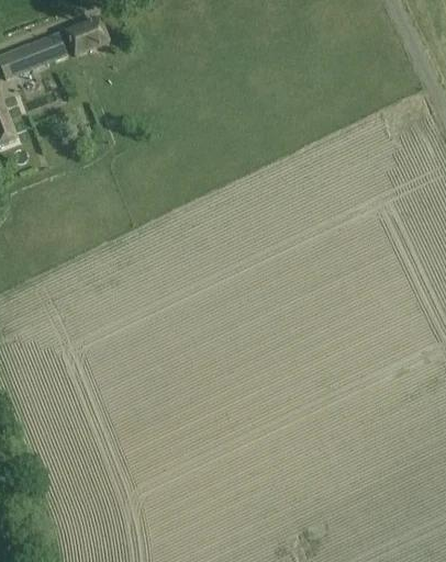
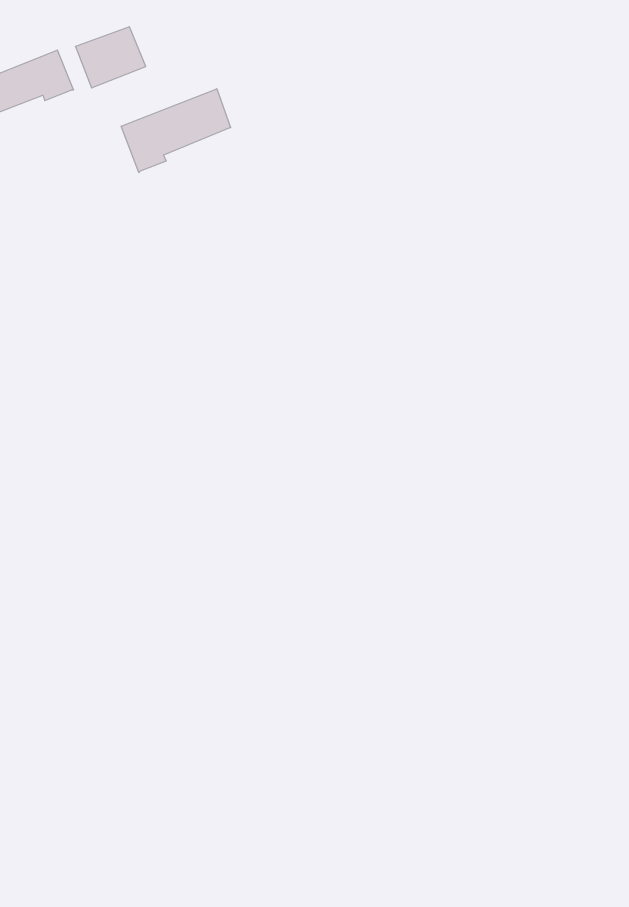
building: none -> [121,89,231,173]

